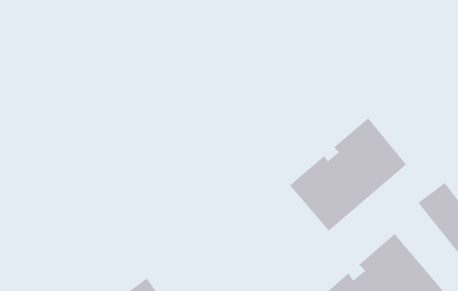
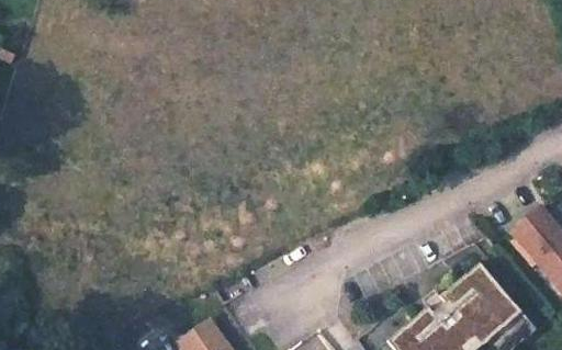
building: [289,118,407,231] -> none

